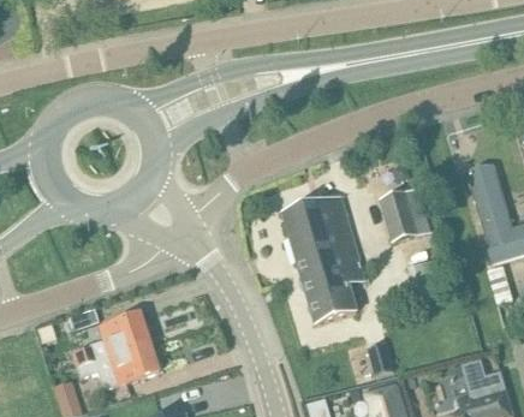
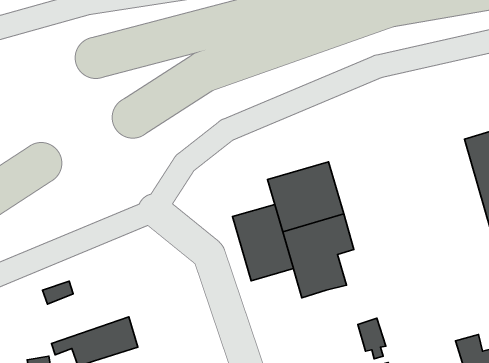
building: [380,186,429,239] -> none
building: none -> [233,204,293,281]
building: [72,311,150,365] -> none

